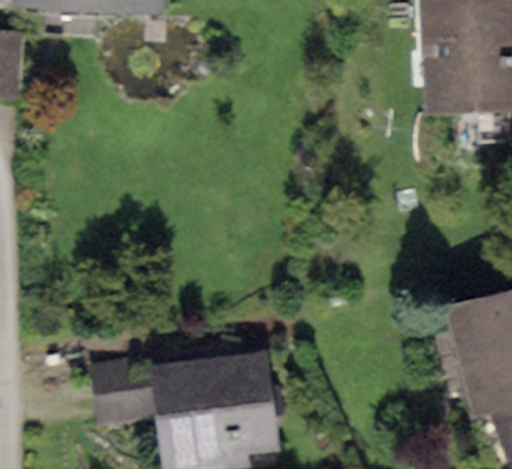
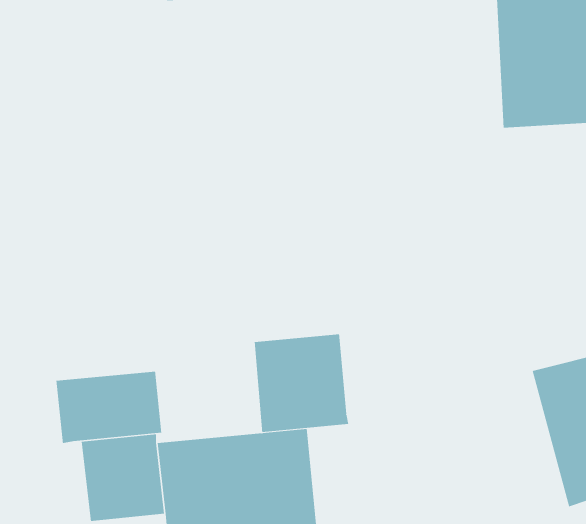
building: none -> [254,333,349,433]
building: none -> [56,371,162,444]

